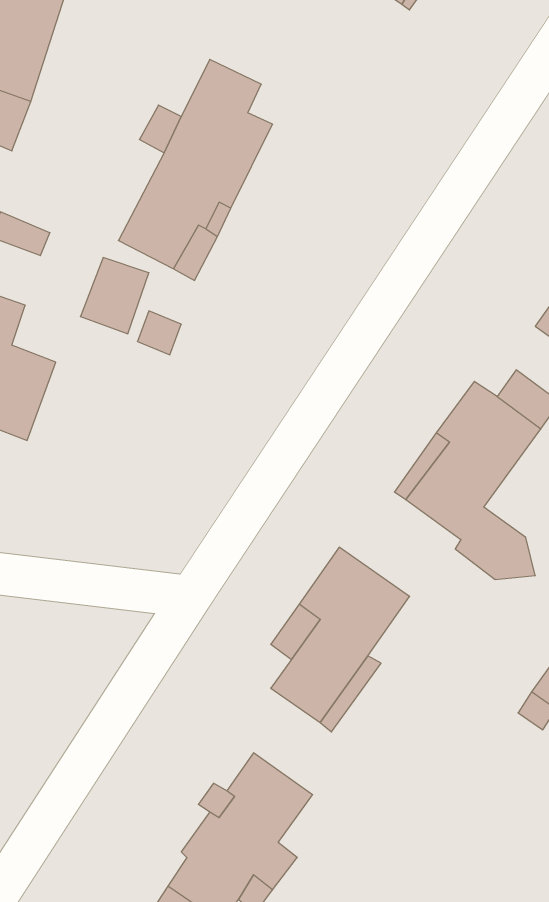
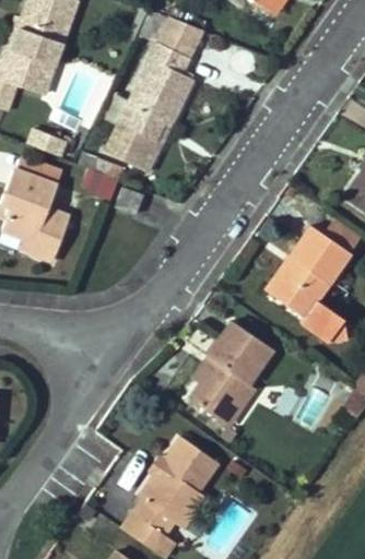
building: none -> [149,13,201,56]

